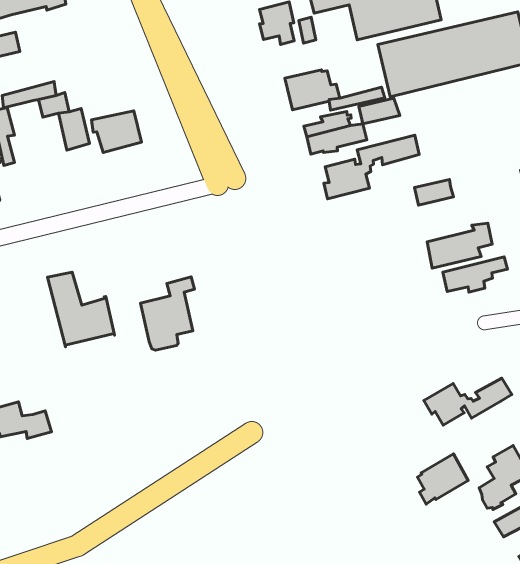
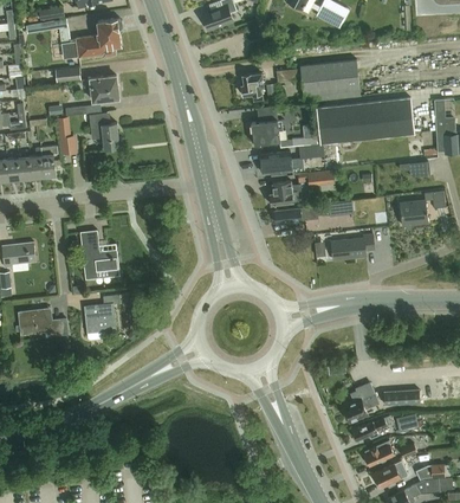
building: [92,111,141,153] -> [88,77,118,102]
building: [443,257,507,292] -> [274,206,317,226]
building: [140,277,194,350] -> [84,295,121,340]
building: [424,378,512,425] -> none
building: [418,454,468,504] -> none

